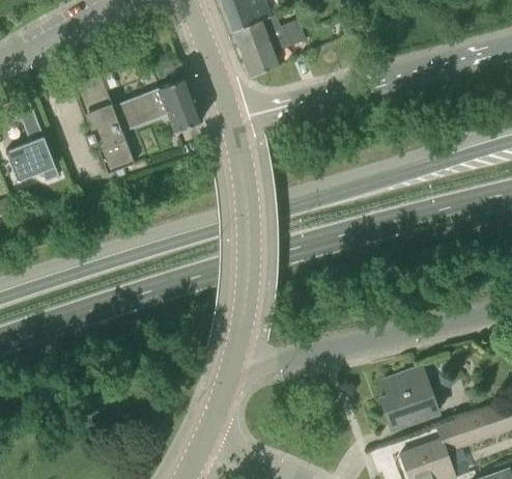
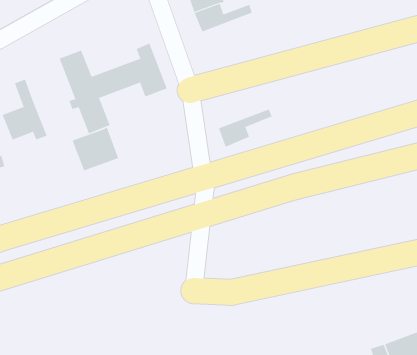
building: [241,30,306,76] -> [218,109,273,147]
building: none -> [72,127,119,171]
building: [379,367,437,422] -> none

